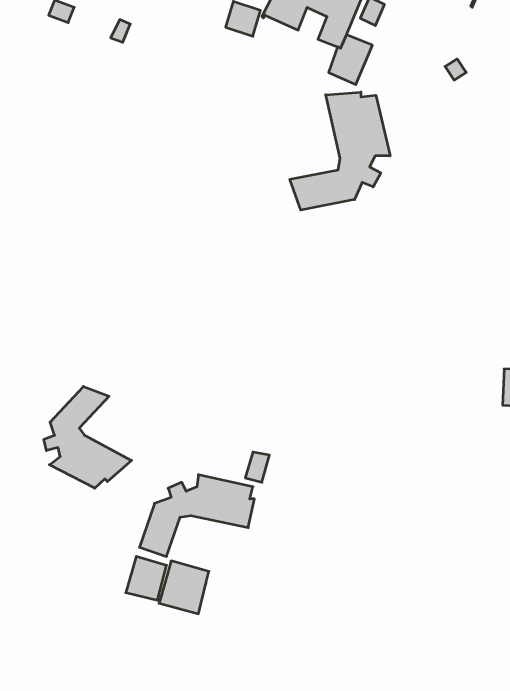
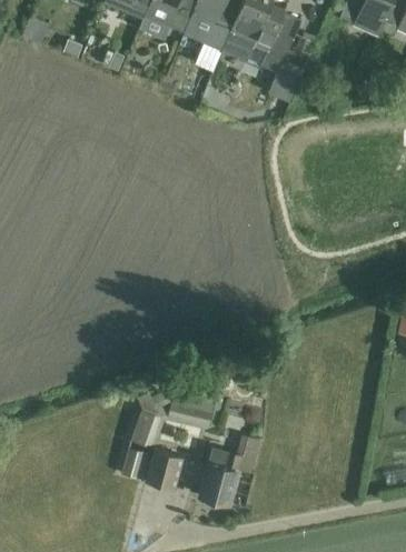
building: [290,92,390,210] -> none
building: [44,386,132,488] -> none
building: none -> [199,434,260,503]

